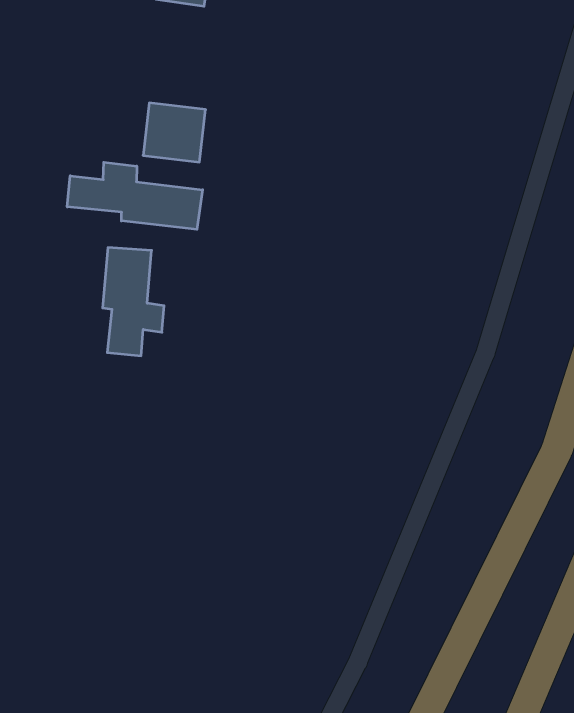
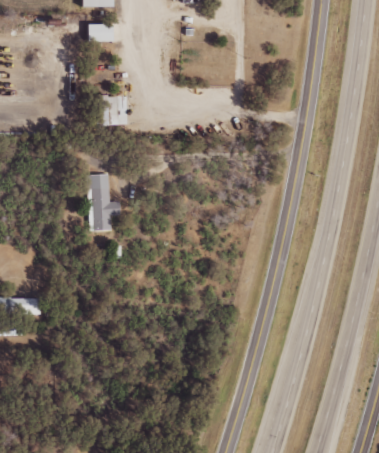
building: [67,162,203,229] -> none

